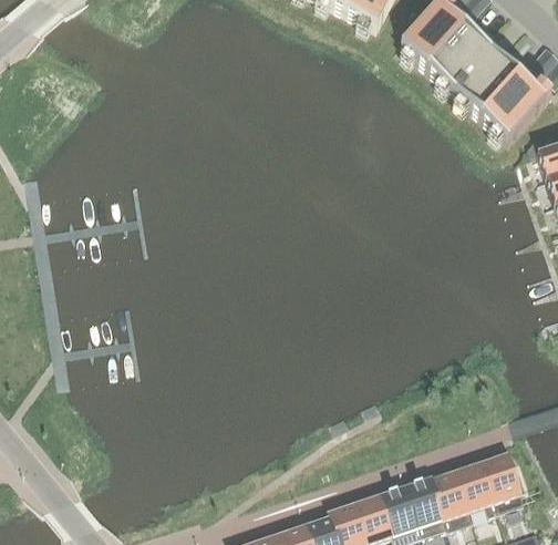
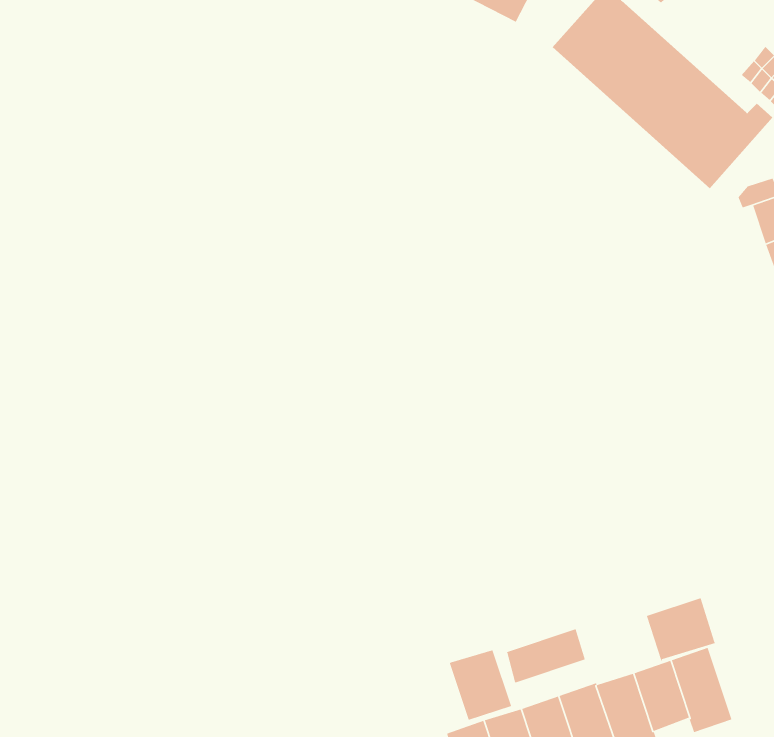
building: none -> [646,597,716,663]
building: none -> [505,628,586,683]
building: none -> [449,649,512,721]

